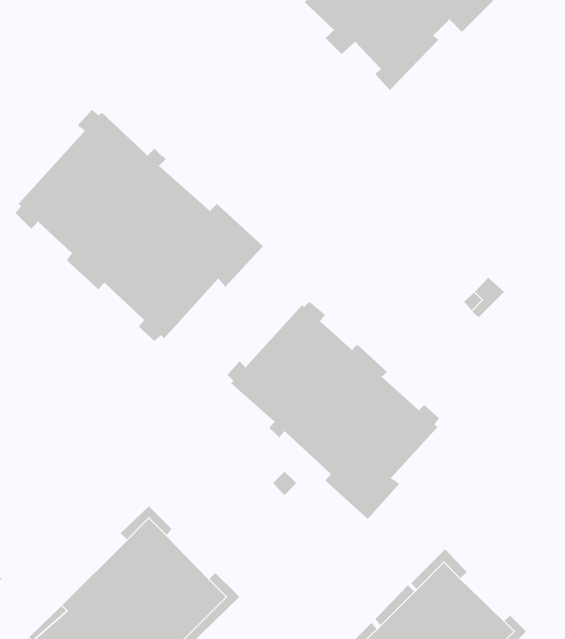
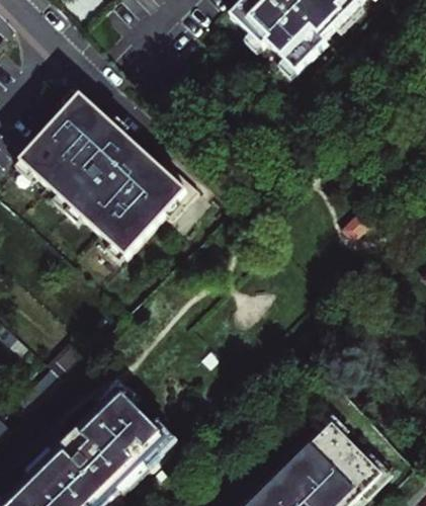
building: [227,301,440,520] -> none

